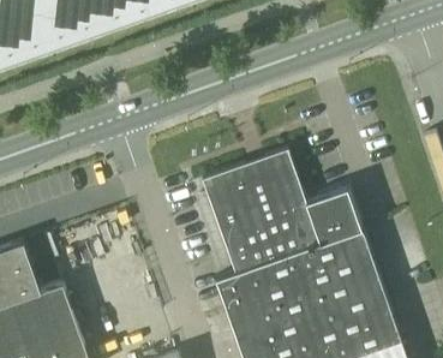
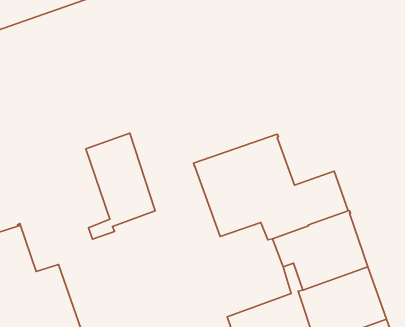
building: none -> [86,133,155,239]
building: [216,244,304,341] -> none

